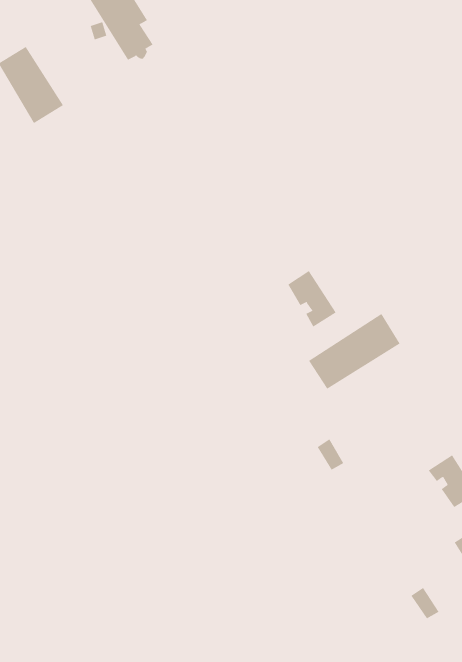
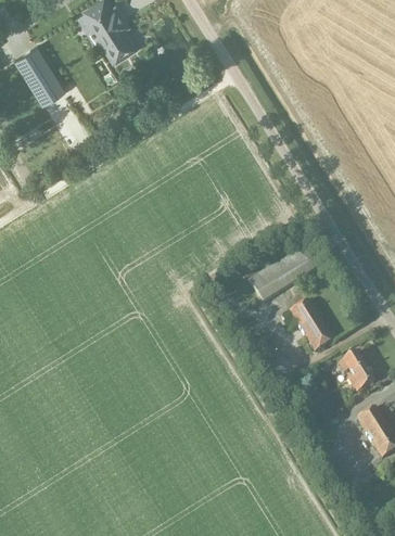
building: [287,270,337,327] -> none
building: none -> [292,298,336,350]

